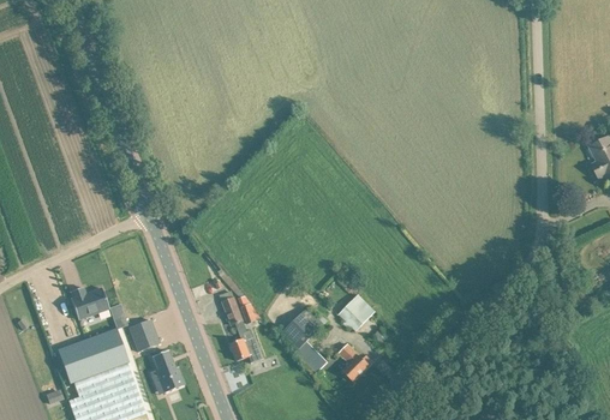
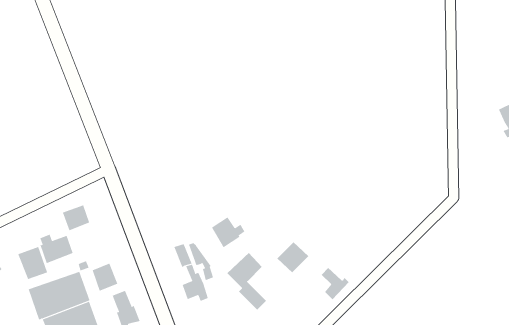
building: none -> [62,205,90,231]
building: none -> [211,216,245,248]
building: none -> [17,246,48,280]
building: [339,343,371,380] -> [321,267,350,300]

